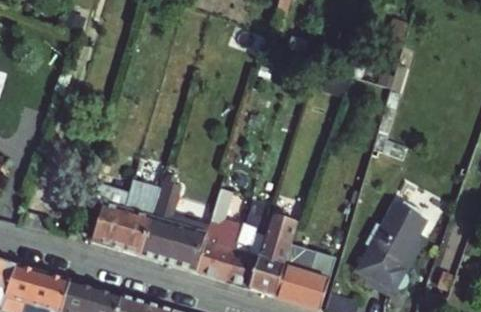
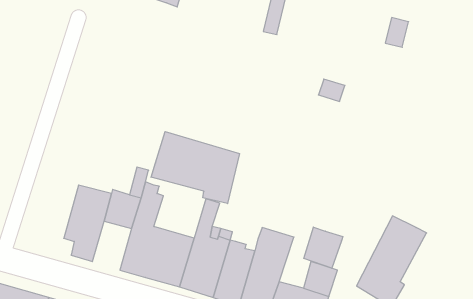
building: none -> [151,132,239,204]
building: [112,209,149,255] -> none
building: none -> [304,227,343,268]

